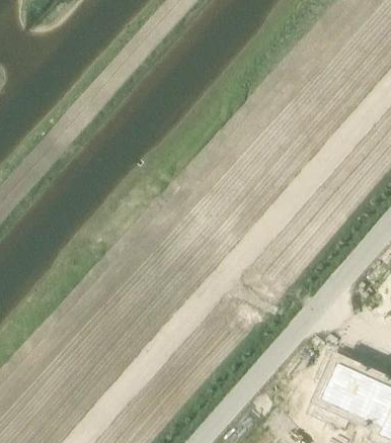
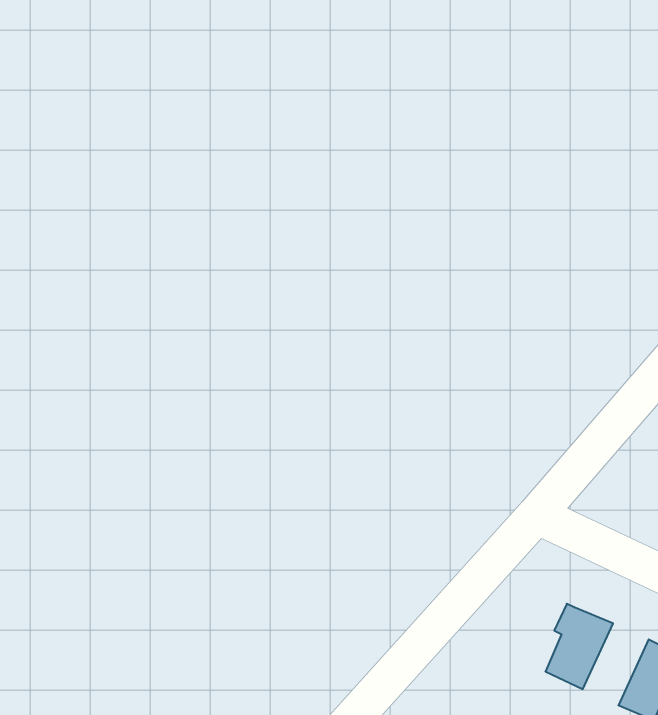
building: [345,372,383,419] -> none

